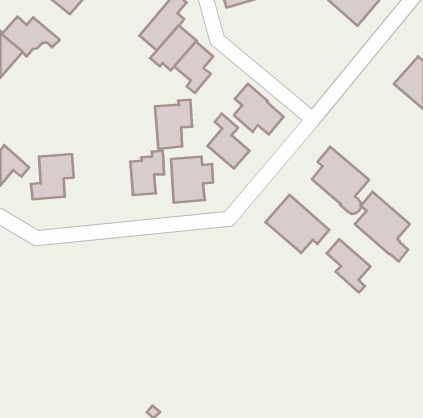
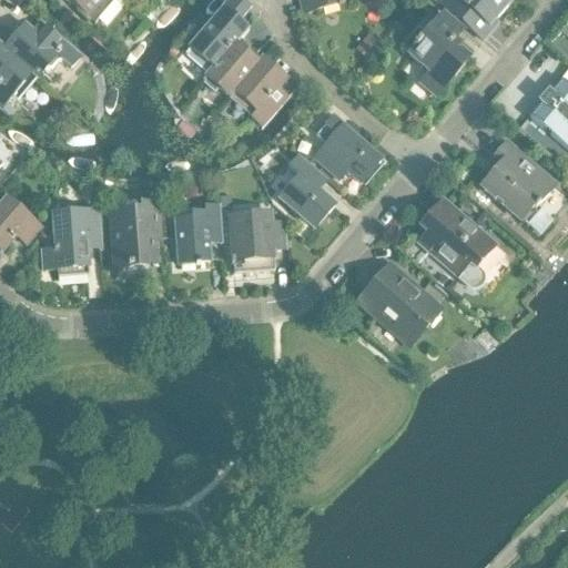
building: none -> [408,11,469,93]
building: [155,100,192,149] -> [110,201,160,266]
building: [355,192,410,261] -> [481,139,555,232]
building: [327,239,370,292] -> none

